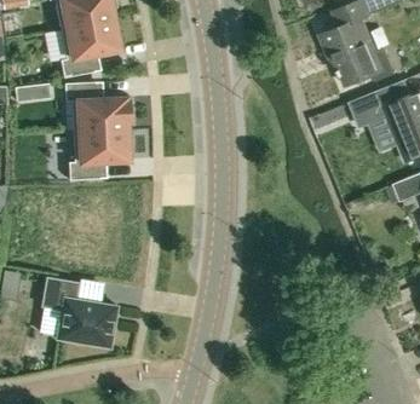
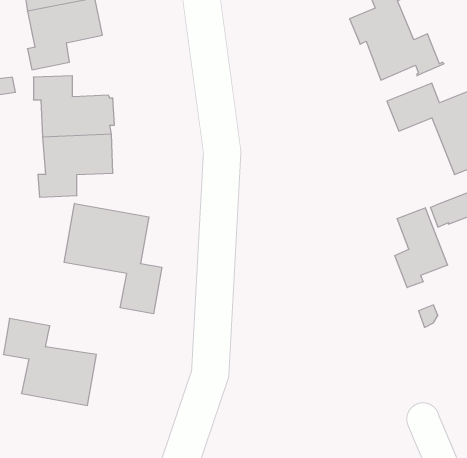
building: none -> [64,203,162,314]
building: none -> [395,208,448,288]

